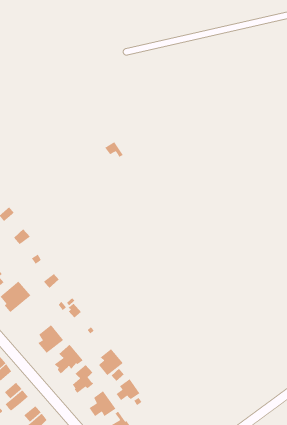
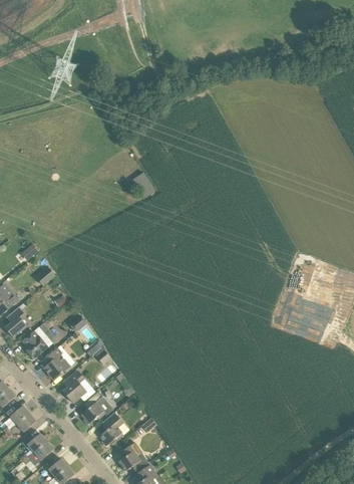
building: none -> [42,346,74,380]
building: [98,348,124,376] -> none
building: [115,378,140,401] -> none

